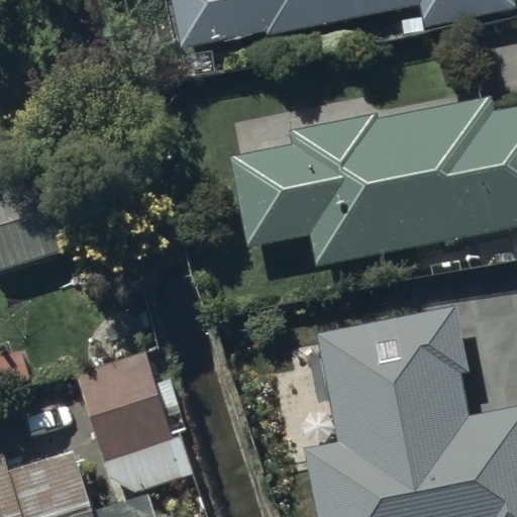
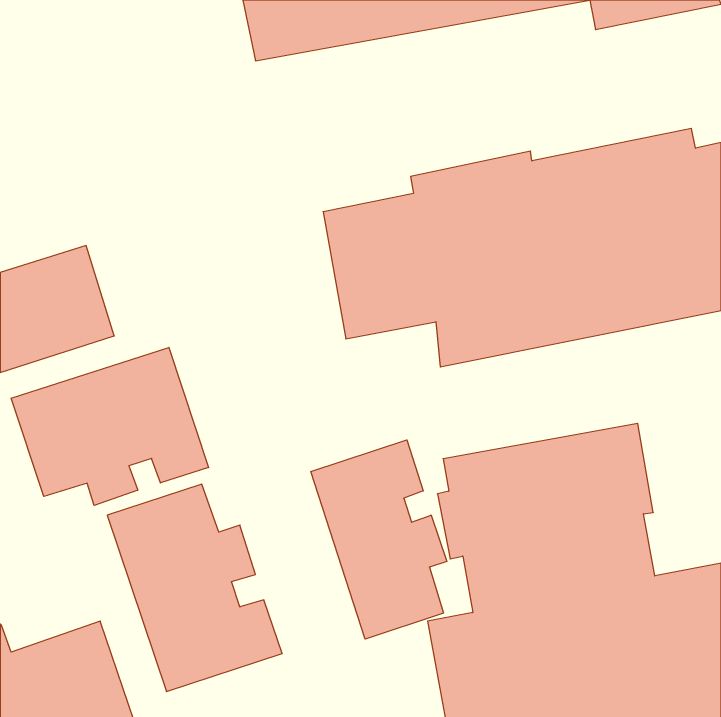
building: none -> [11,347,209,505]
building: none -> [311,440,447,639]

